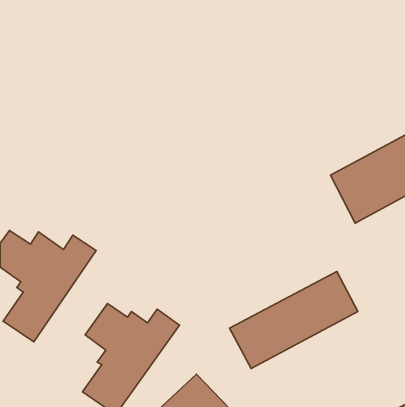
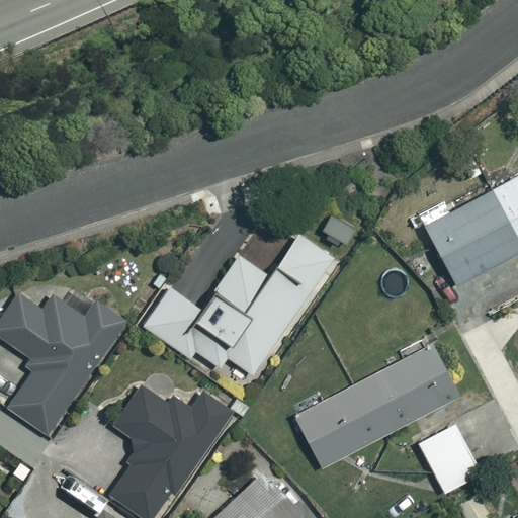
building: none -> [144,233,334,373]
building: none -> [419,425,480,493]

